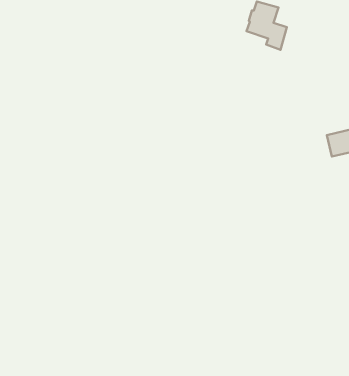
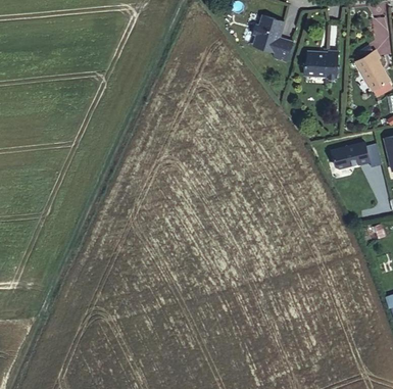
building: none -> [303,54,337,84]

